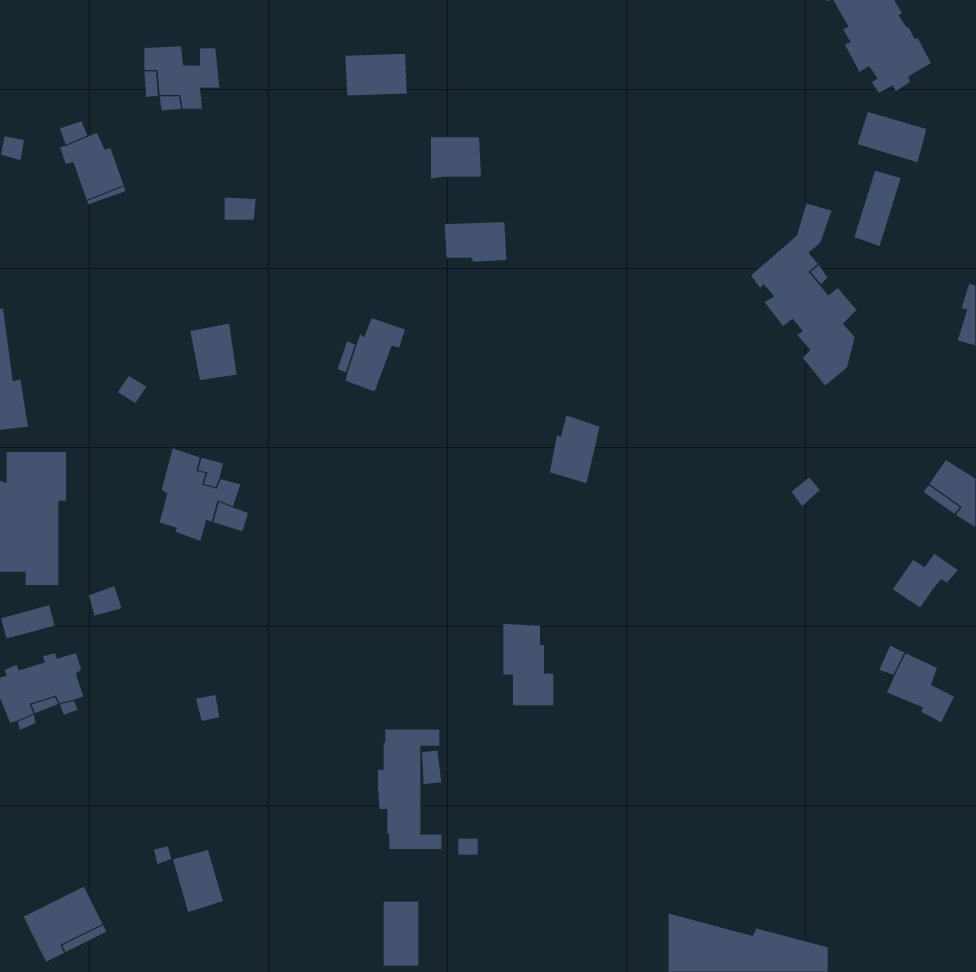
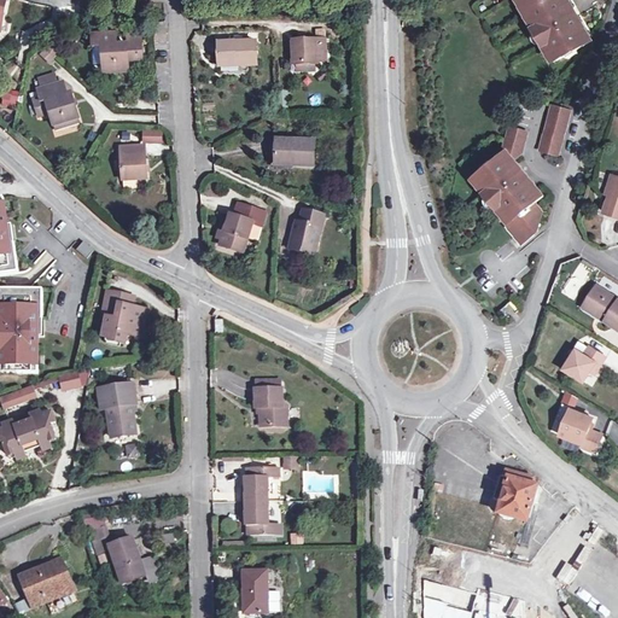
building: [857,111,927,163] -> none
building: [430,137,482,179] -> [292,30,325,57]
building: [190,323,237,381] -> [121,142,151,179]
building: [549,415,600,484] -> [290,211,322,255]
building: none -> [97,383,135,437]
building: [503,624,554,706] -> [256,372,288,424]
building: none -> [496,476,537,525]

